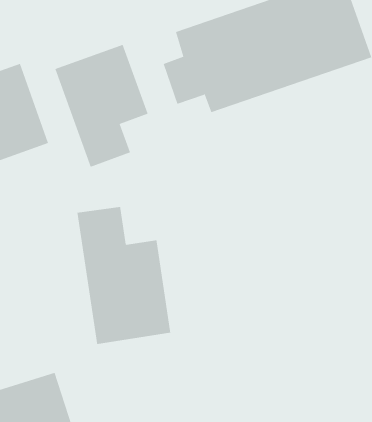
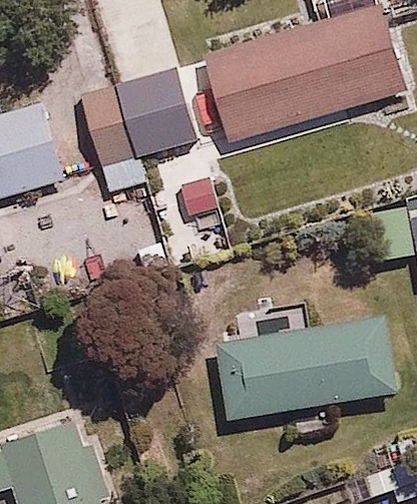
building: [77,206,171,345] -> none
building: none -> [218,320,400,418]

